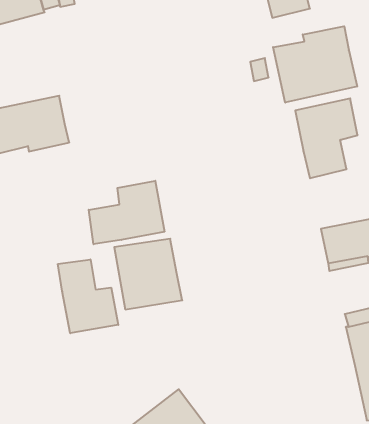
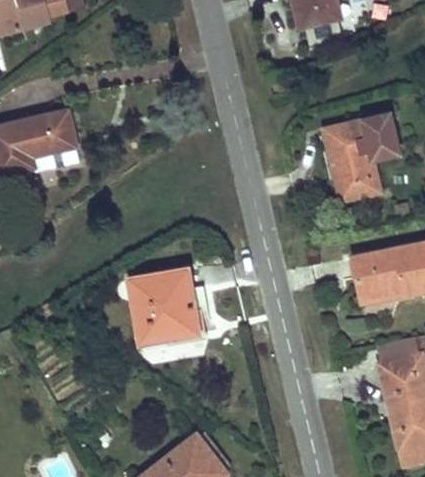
building: [273,26,357,103] -> none
building: [89,181,164,244] -> none
building: [58,259,118,333] -> none

